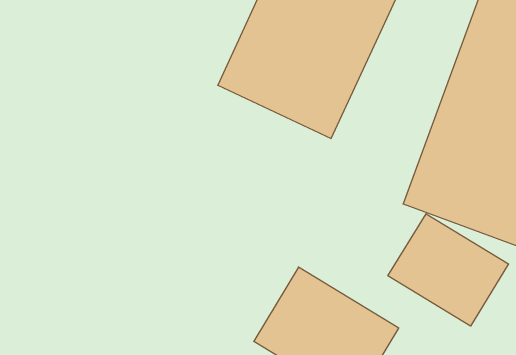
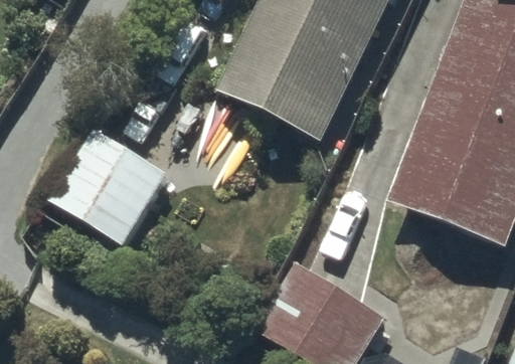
building: none -> [48,124,169,245]
building: [388,214,509,326] -> none

